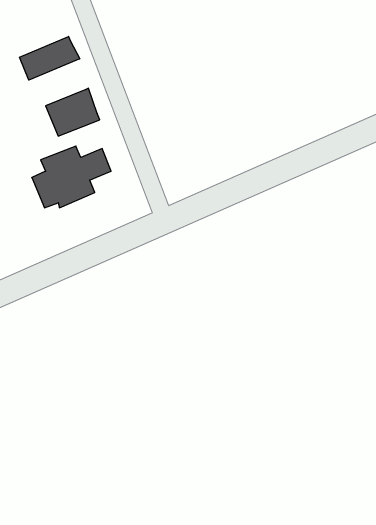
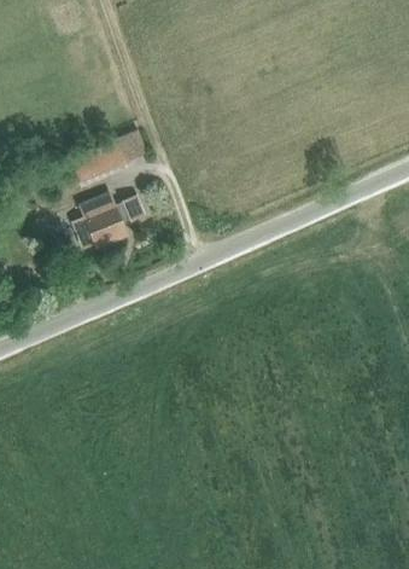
building: [19,36,80,80] -> none

